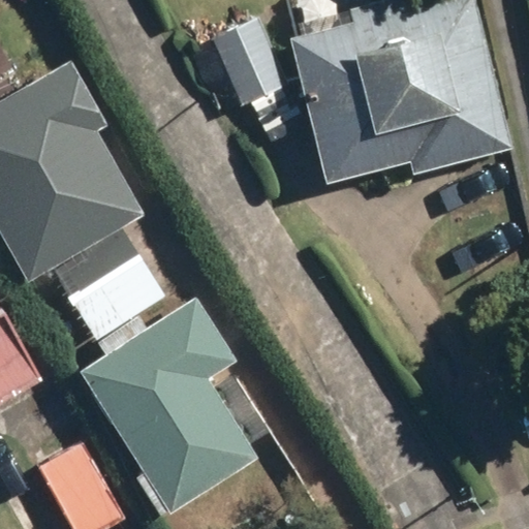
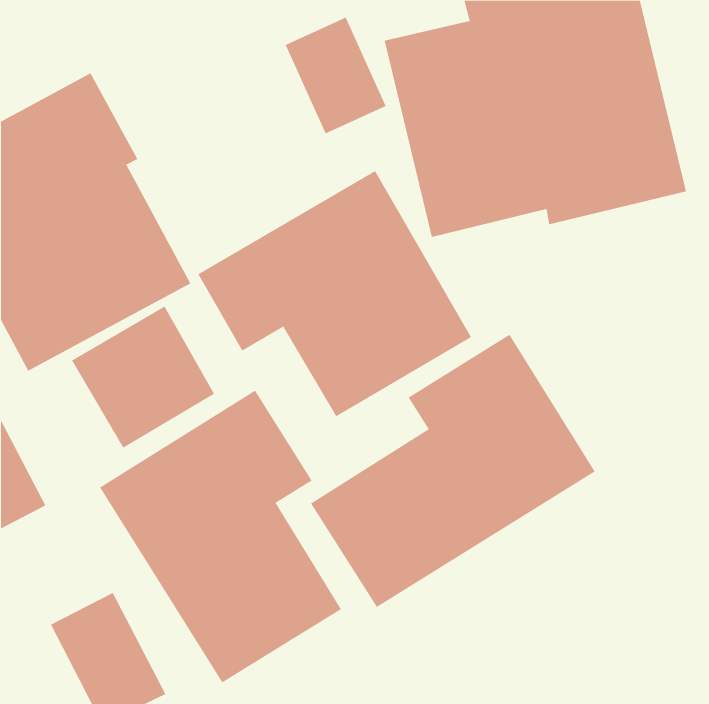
building: none -> [197,170,472,417]
building: none -> [310,334,595,608]

